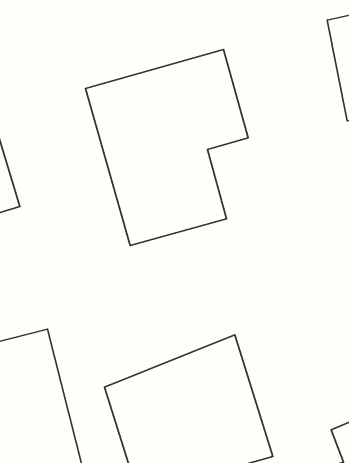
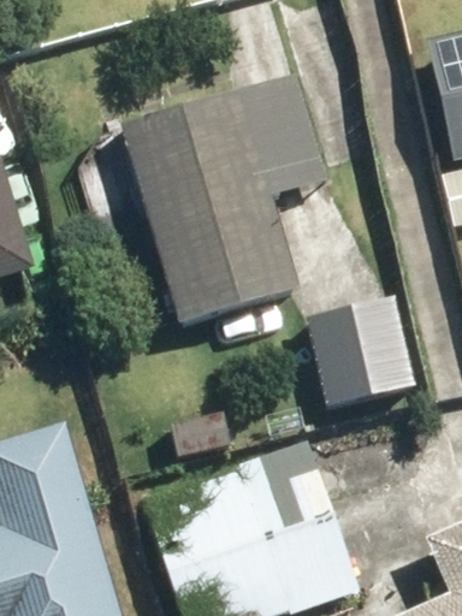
building: none -> [301,292,421,410]

